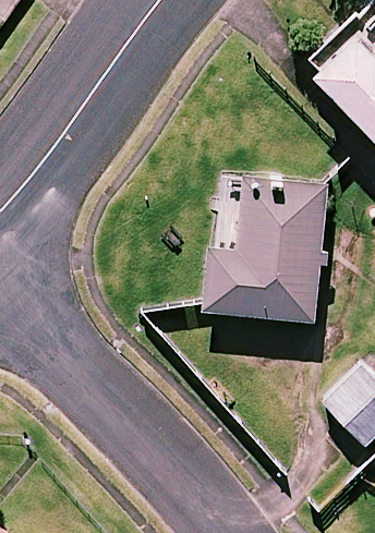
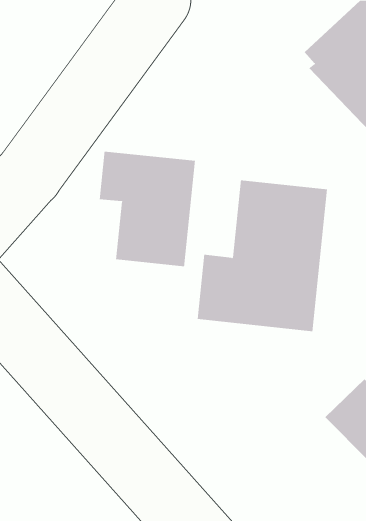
building: none -> [99,151,195,267]

